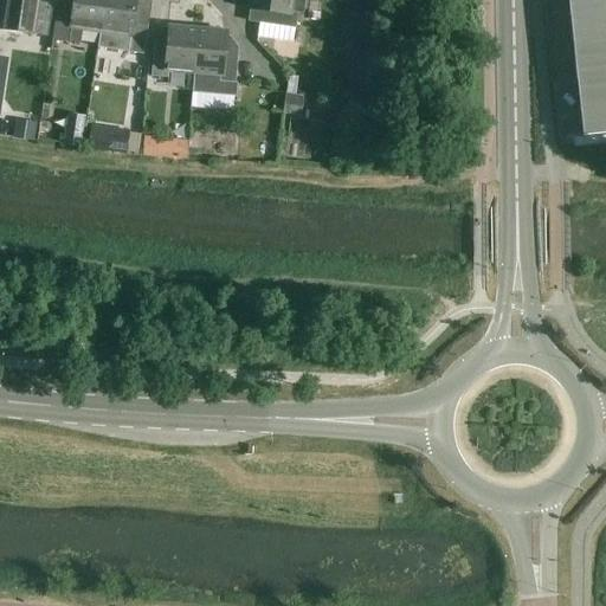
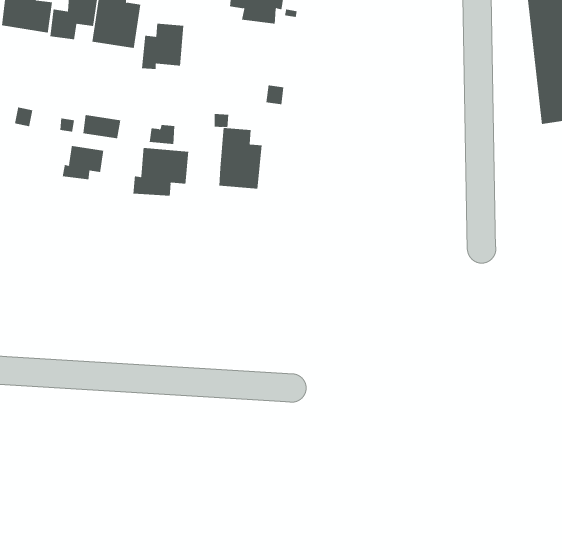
building: [194,27,241,94] -> [219,127,263,189]
building: none -> [62,145,104,180]
building: none -> [133,147,189,197]

